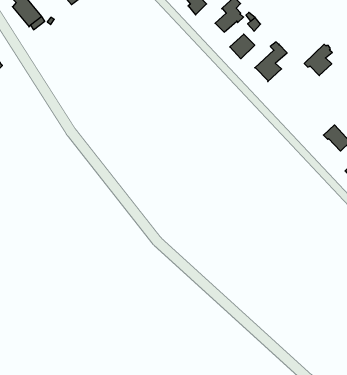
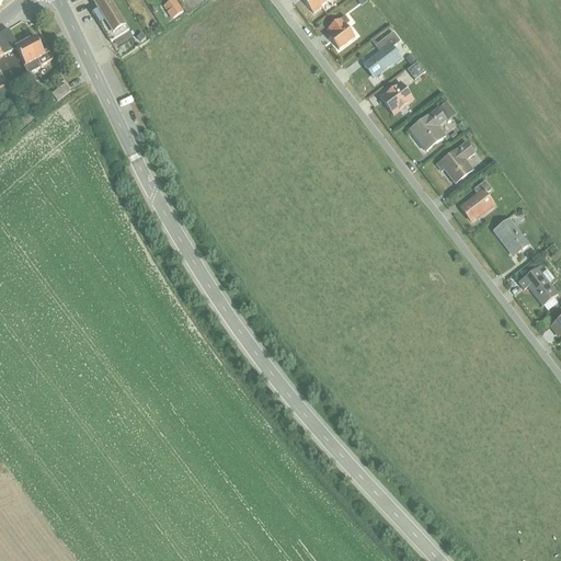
building: [304,44,332,76] -> [435,140,474,182]
building: none -> [459,179,494,219]

